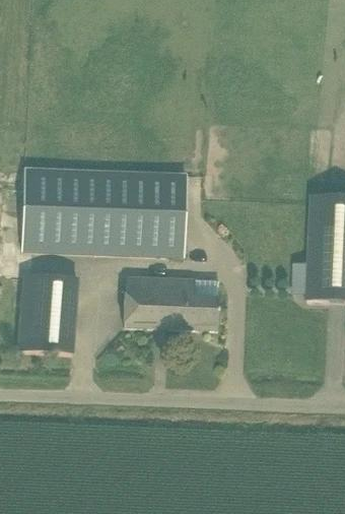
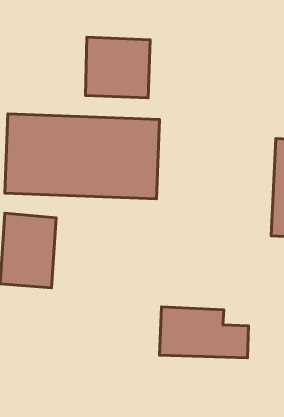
building: none -> [86,37,150,98]
building: [124,274,219,329] -> [159,307,249,358]

